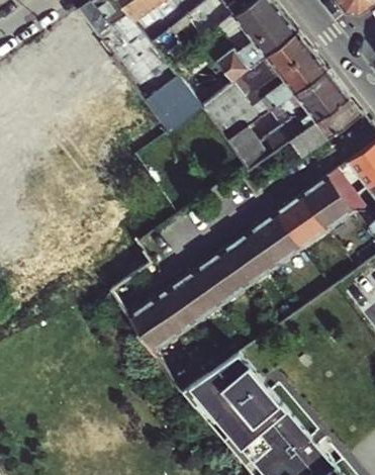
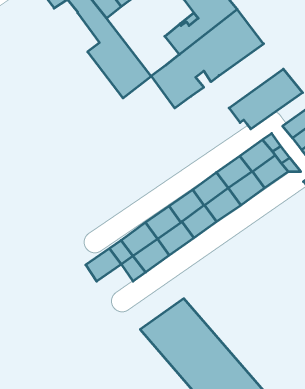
building: [262,70,347,152] -> none
building: [225,128,265,170] -> none
building: [138,315,179,354] -> none

